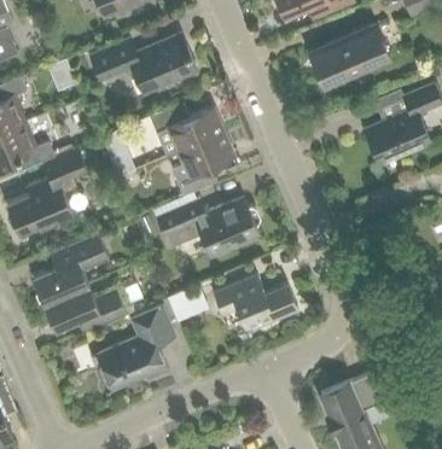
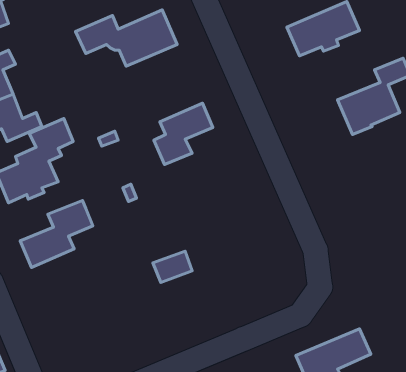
building: [149,101,222,157] -> none
building: [155,199,258,253] -> none
building: [213,275,297,332] -> none
building: [43,284,126,330] -> none
building: [97,308,174,389] -> none

